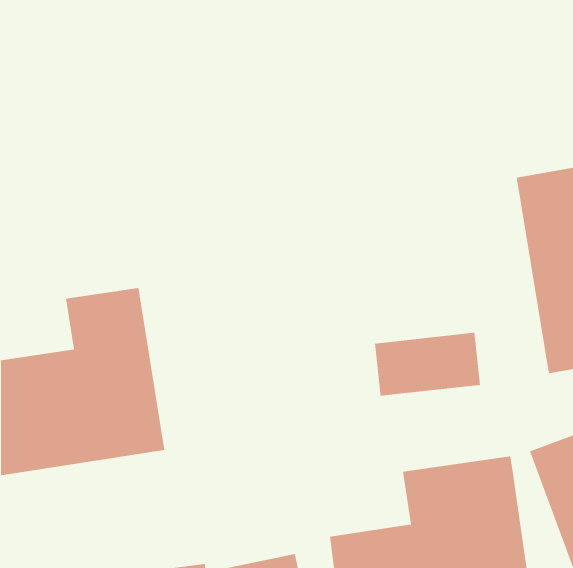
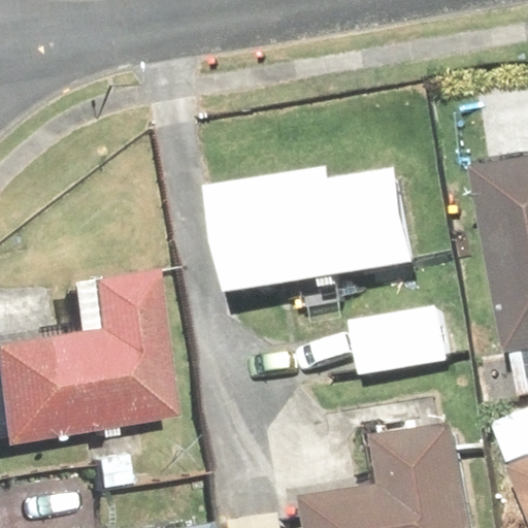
building: none -> [206,159,414,302]

